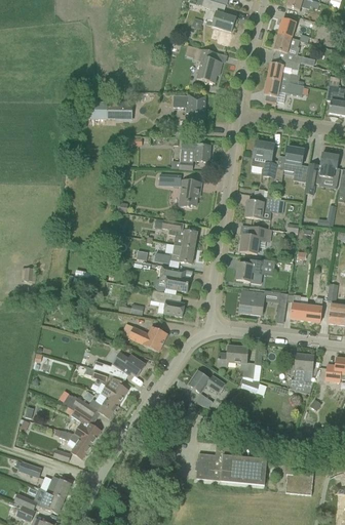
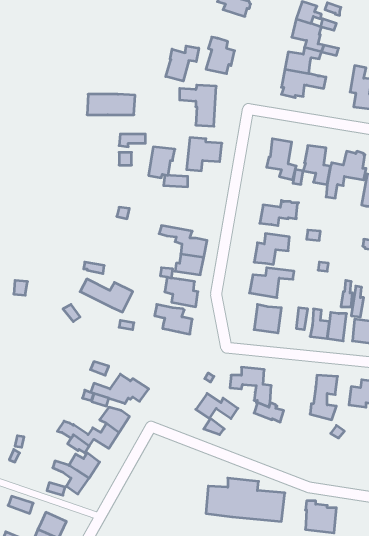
building: none -> [166,46,199,81]
building: [178,179,201,207] -> [149,147,175,178]
building: [120,322,167,352] -> [80,279,133,312]

